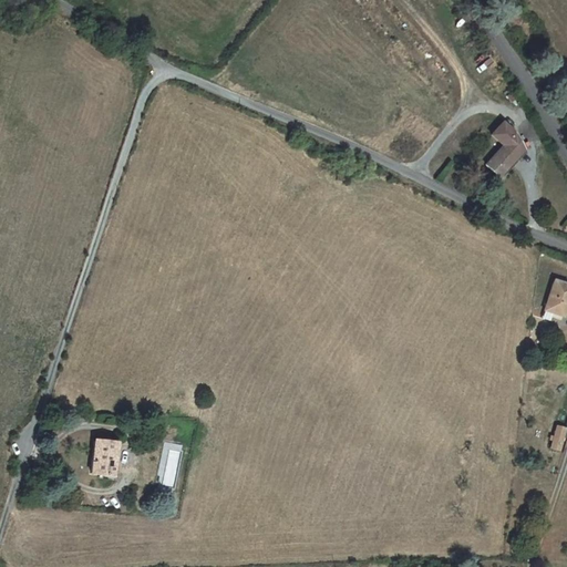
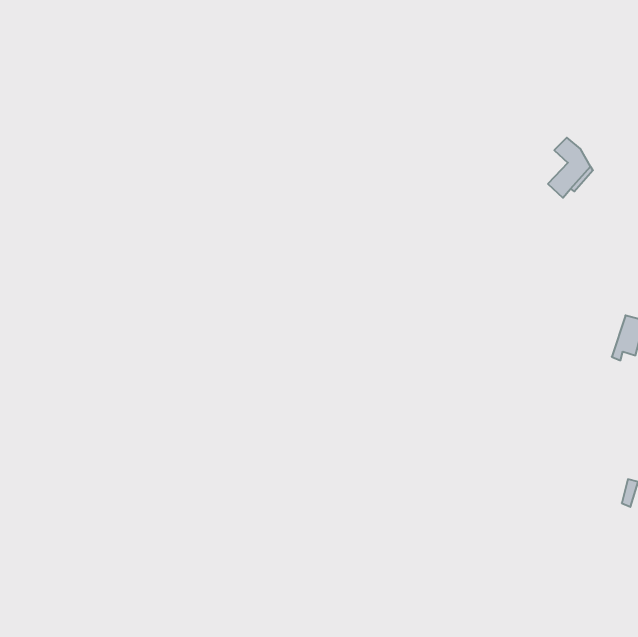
building: [92,439,117,474] -> none

